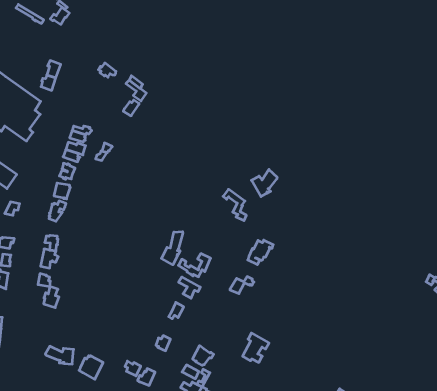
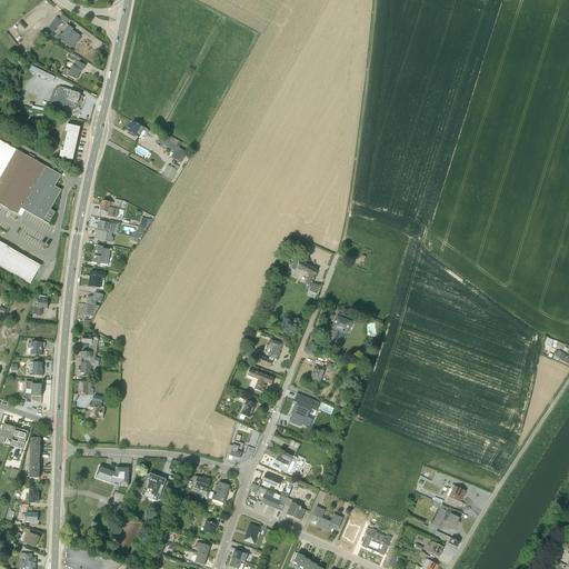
building: none -> [49,87,81,109]
building: [251,169,277,197] -> none
building: [161,232,183,265] -> none
building: [243,333,269,362] -> [288,392,318,427]

